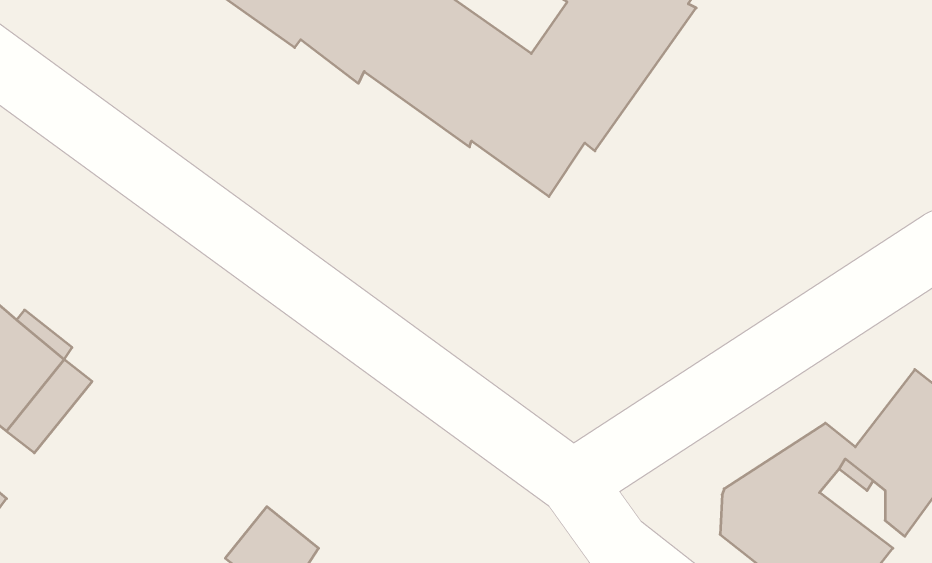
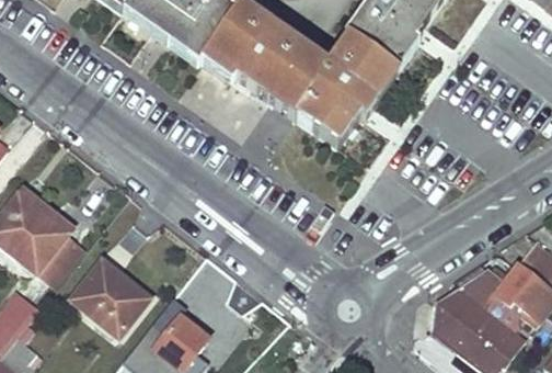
building: none -> [74,258,150,332]

